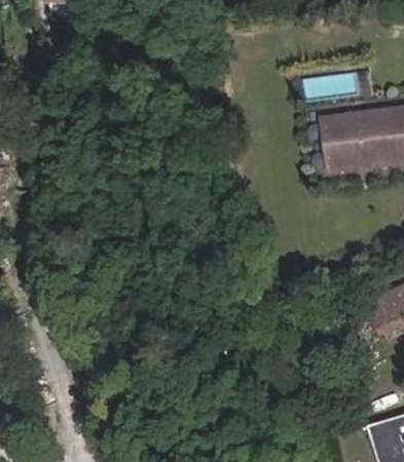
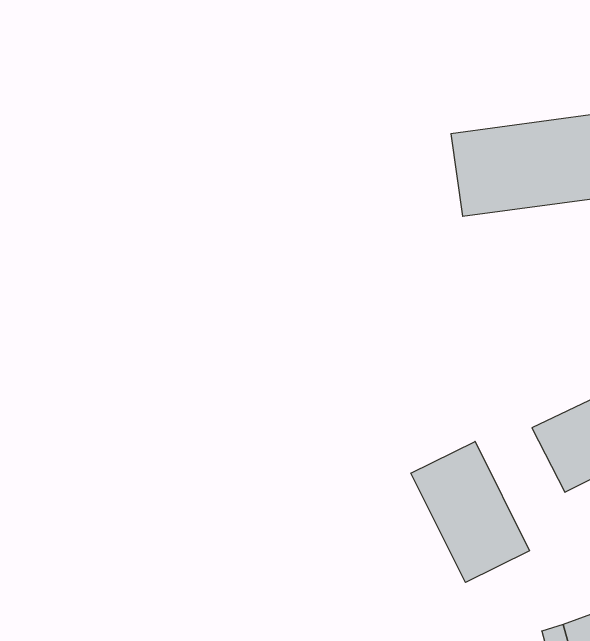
building: none -> [411,441,530,582]

